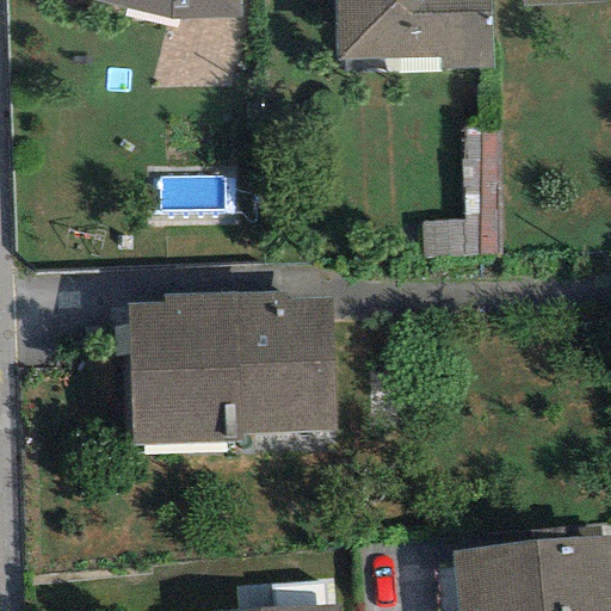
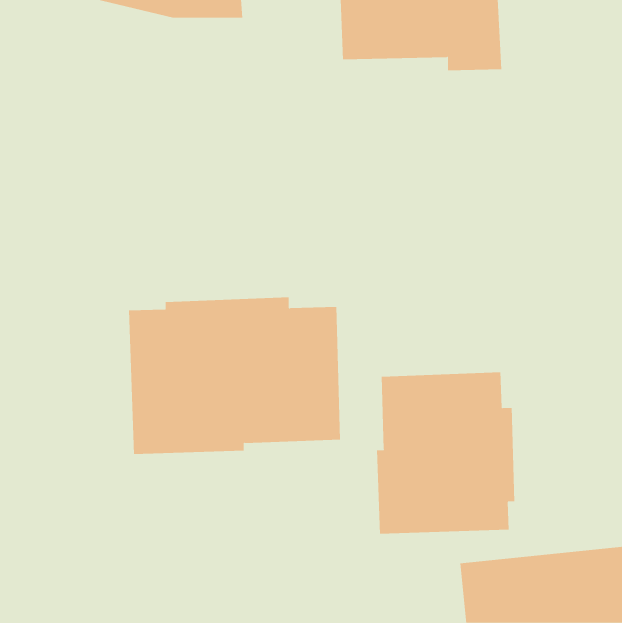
building: [422,131,500,260] -> none
building: none -> [377,371,515,535]

